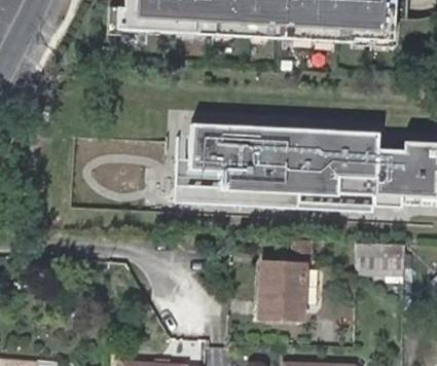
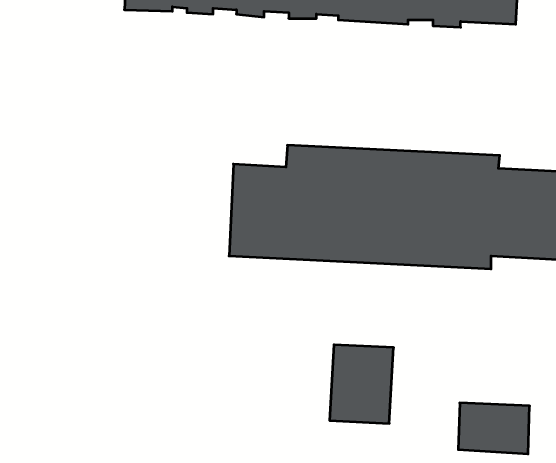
building: [355,243,405,279] -> [458,403,530,454]

